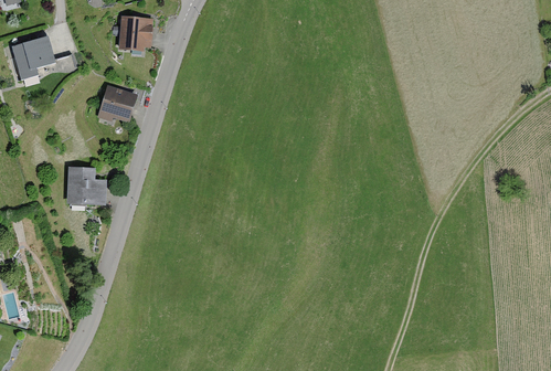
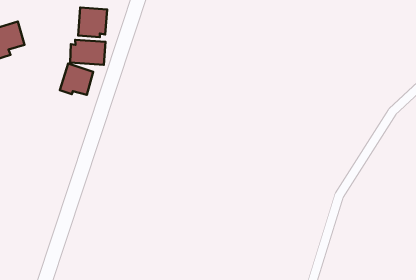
building: none -> [70,40,106,65]
building: [65,168,104,205] -> none

